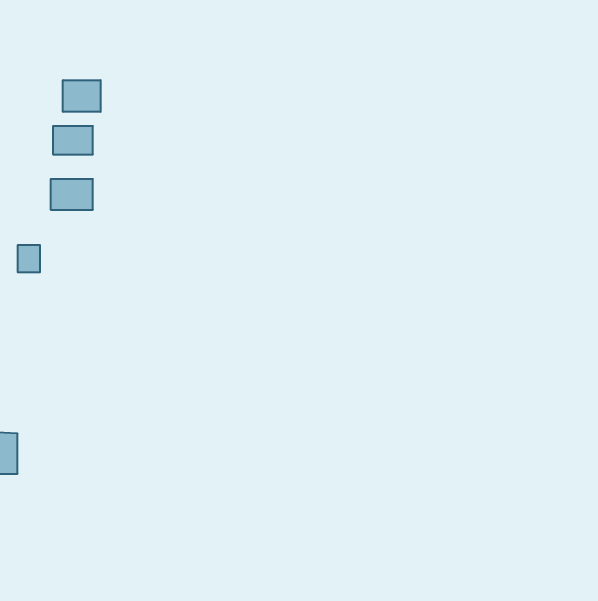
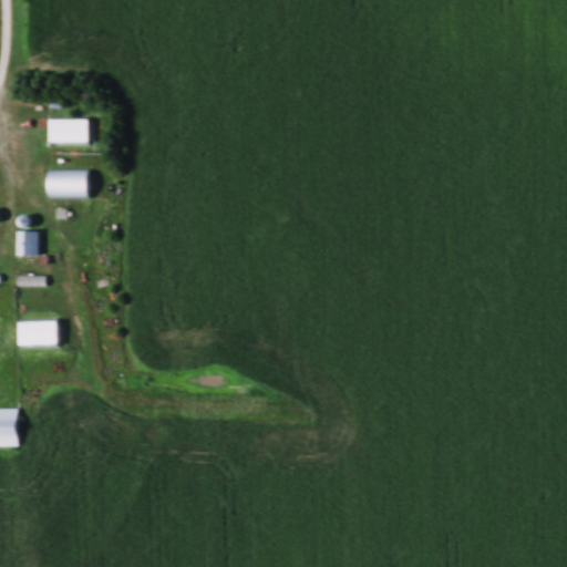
building: [63,80,101,112] -> none
building: none -> [20,320,58,347]

